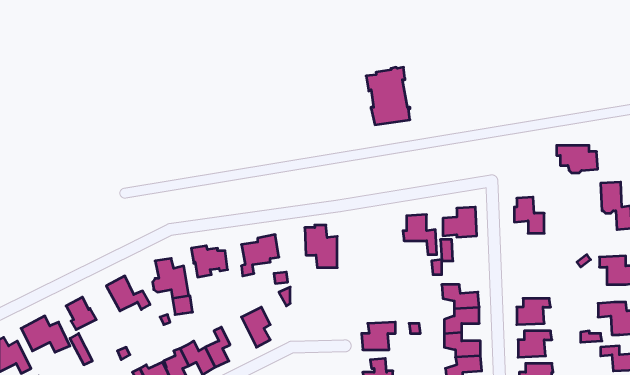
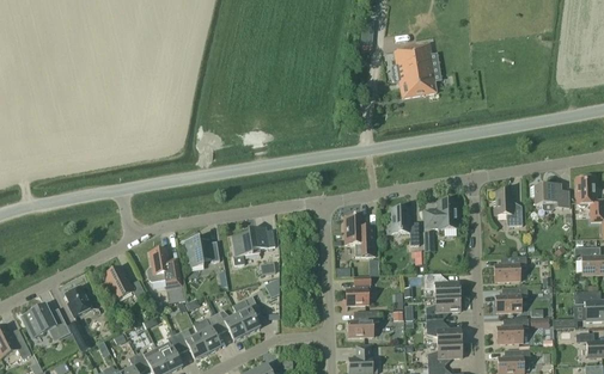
building: [366,67,410,125] -> [393,42,435,97]
building: [557,145,598,173] -> [530,184,569,210]
building: [305,225,337,268] -> [343,215,374,256]
building: none -> [494,256,526,281]
building: none -> [346,276,370,305]
building: none -> [213,309,246,339]

